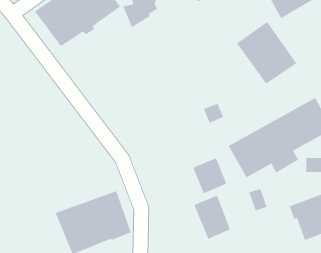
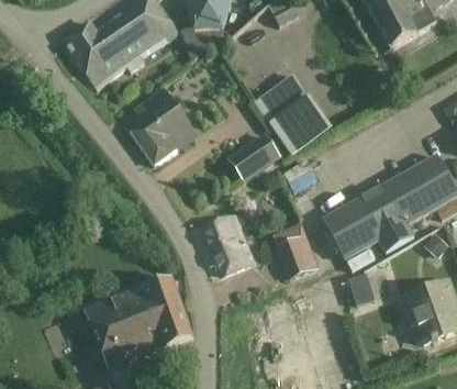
building: [236,21,297,85] -> [252,71,333,156]
building: none -> [122,89,196,165]
building: none -> [234,134,279,180]
building: [194,195,231,240] -> [203,214,253,274]

